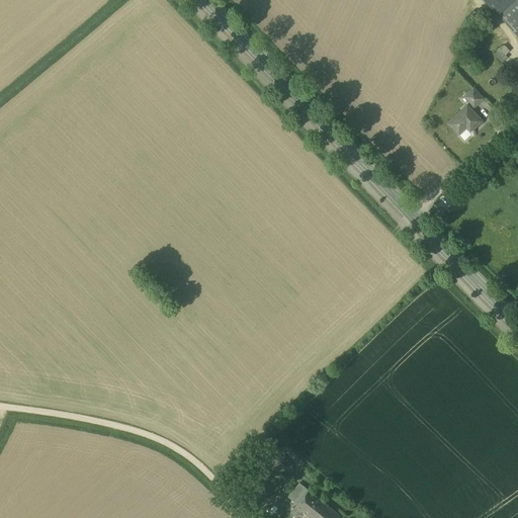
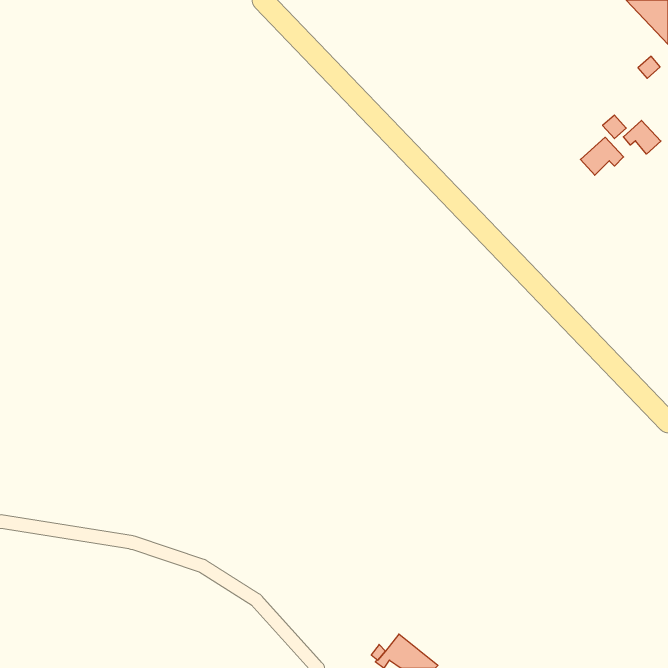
building: none -> [623,120,661,154]

